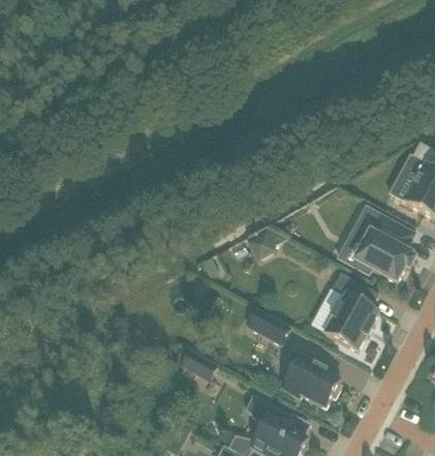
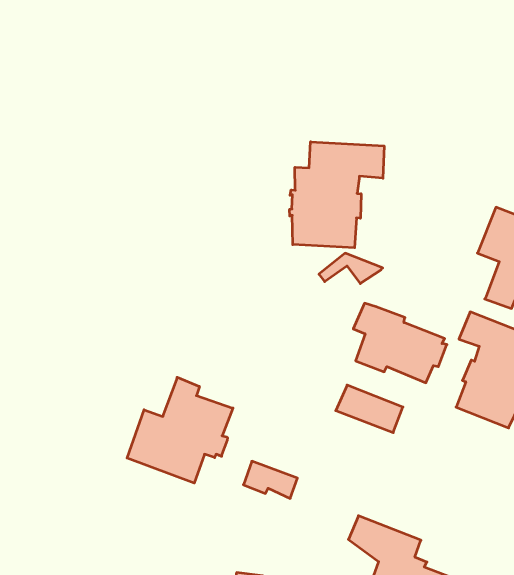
building: none -> [290,142,384,248]
building: none -> [127,377,233,483]
building: [281,352,341,407] -> [353,303,447,383]

